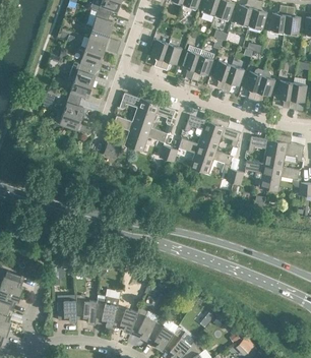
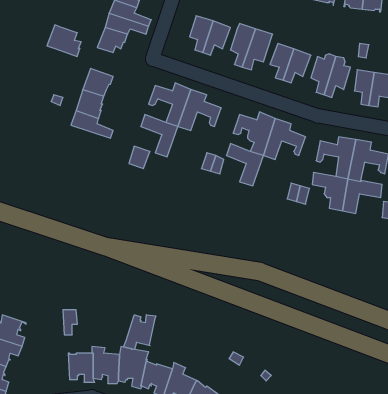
building: [68,62,95,86] -> [47,25,81,56]
building: [133,125,167,152] -> none
building: [199,147,233,174] -> none
building: none -> [123,315,156,349]

